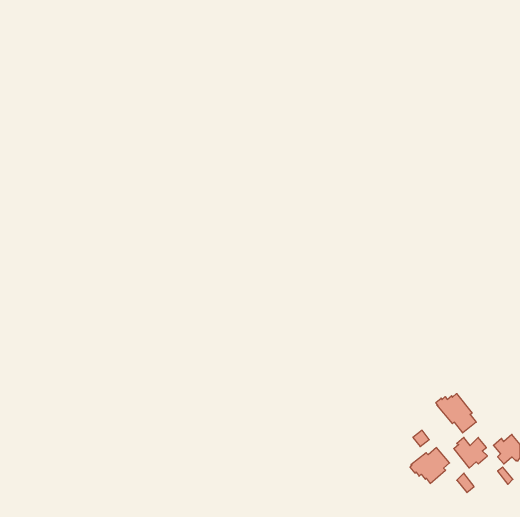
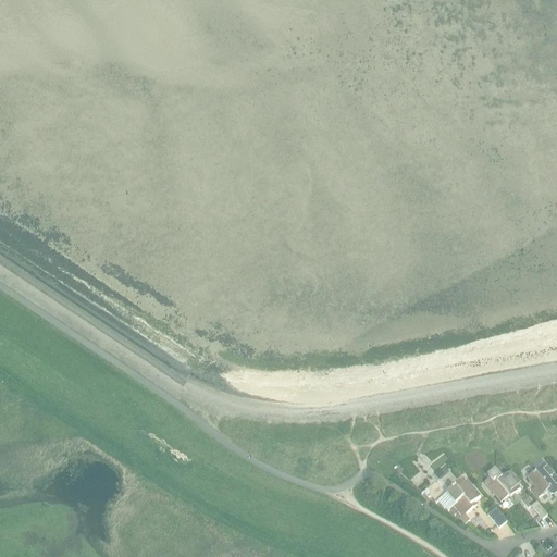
building: [436,394,476,433] -> none

